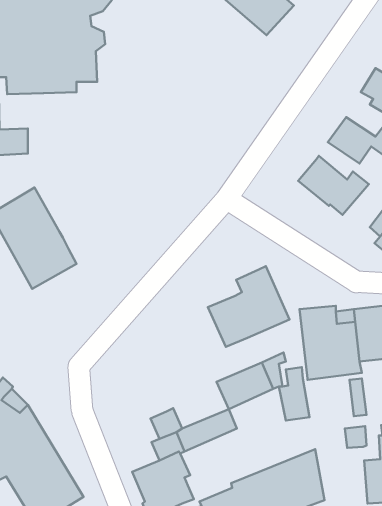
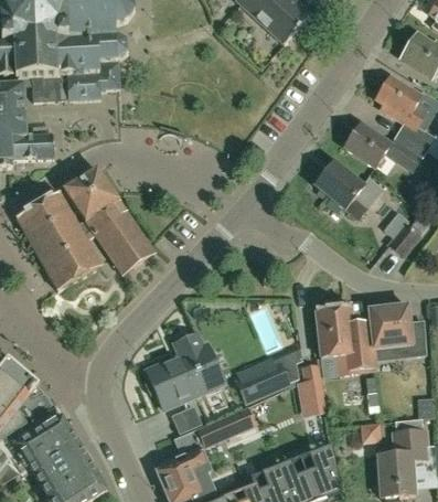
building: none -> [62,168,154,275]
building: [208,266,290,347] -> [145,331,224,409]

